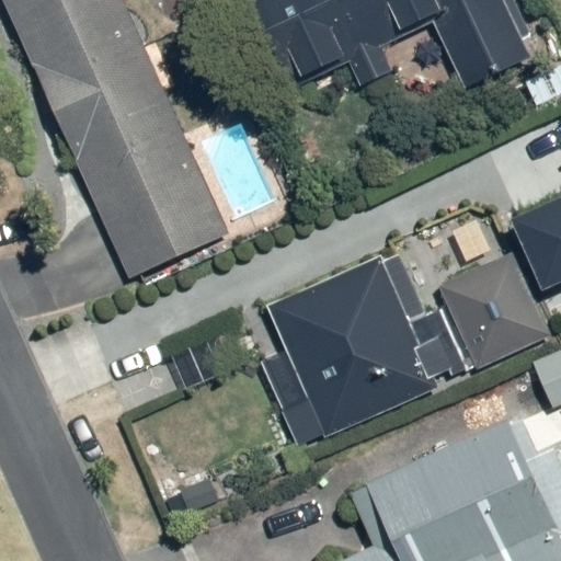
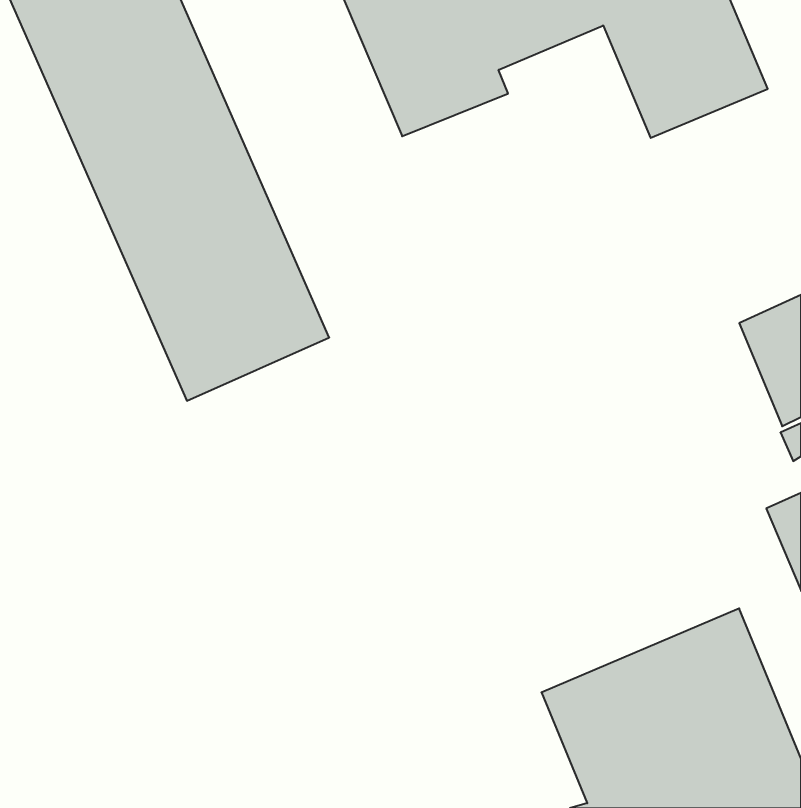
building: [440,254,548,367] -> none
building: [272,259,434,433] -> none

